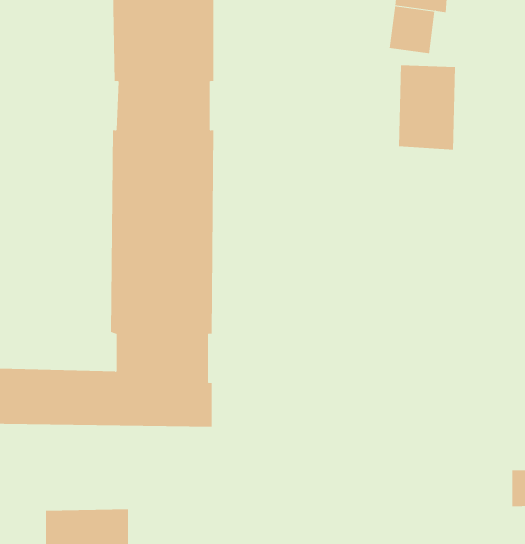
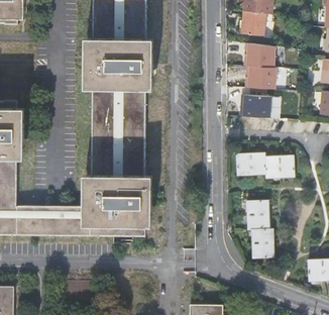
building: none -> [241,92,281,114]
building: none -> [236,153,295,177]
building: none -> [248,199,273,257]

